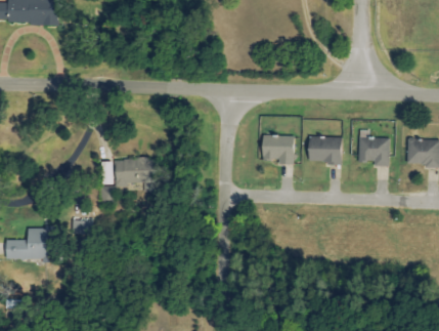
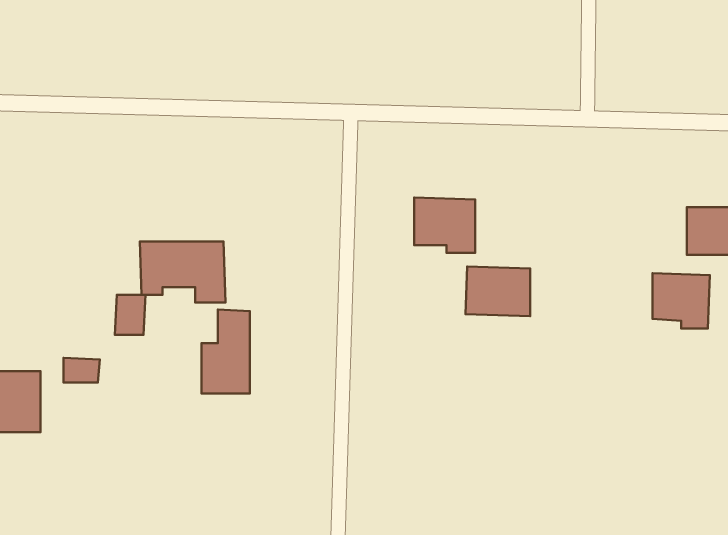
building: [307,136,342,163] -> [465,267,530,316]
building: [359,136,390,166] -> [653,273,710,328]
building: none -> [201,310,250,394]

